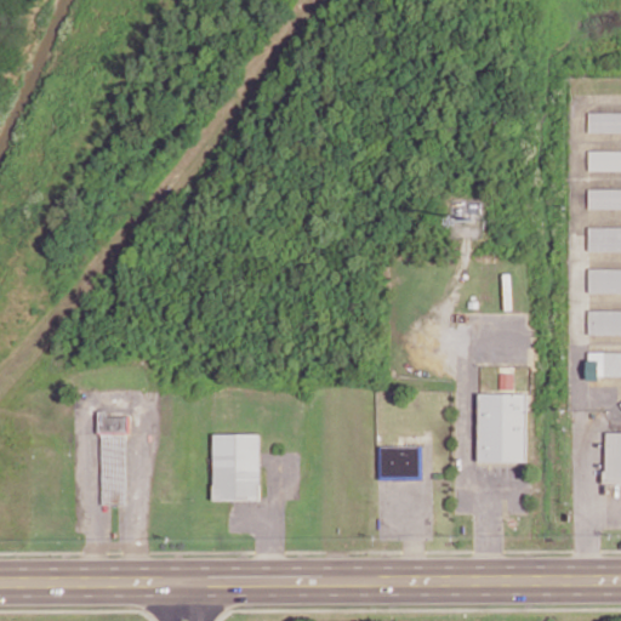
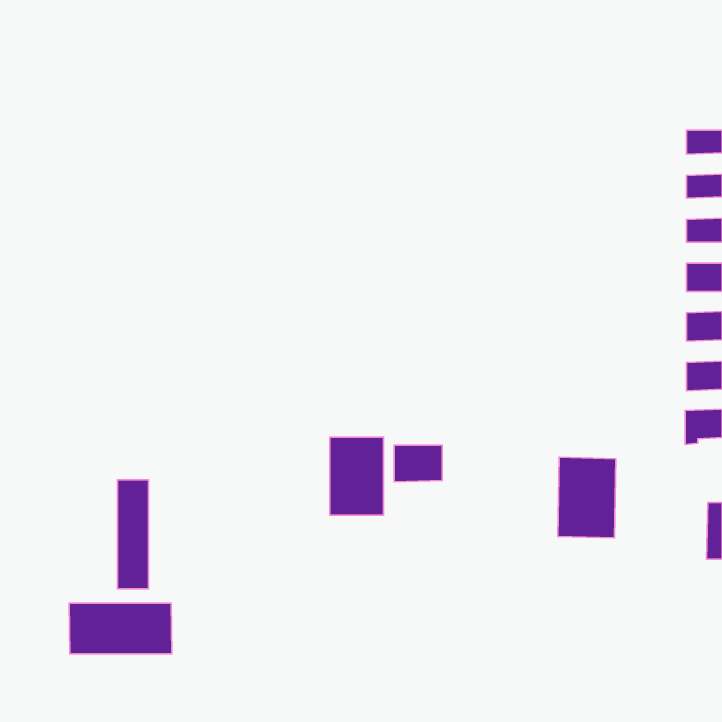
building: [213,434,260,501] -> [330,437,384,515]
building: [381,446,422,478] -> [394,445,442,482]
building: none -> [69,603,172,654]

